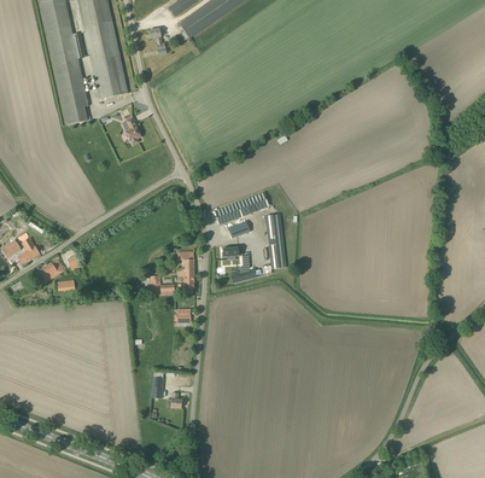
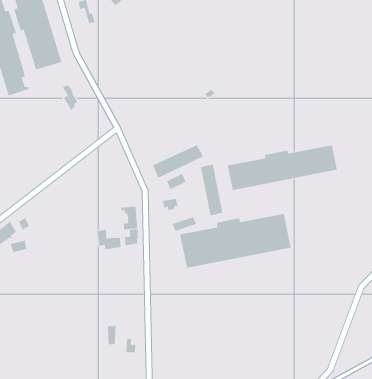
building: none -> [227,144,337,191]
building: none -> [180,213,291,269]

